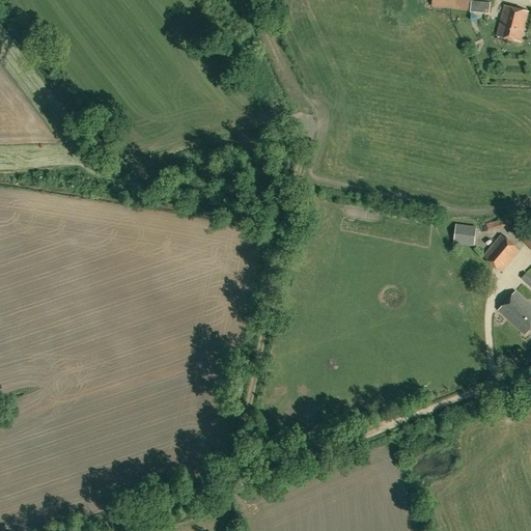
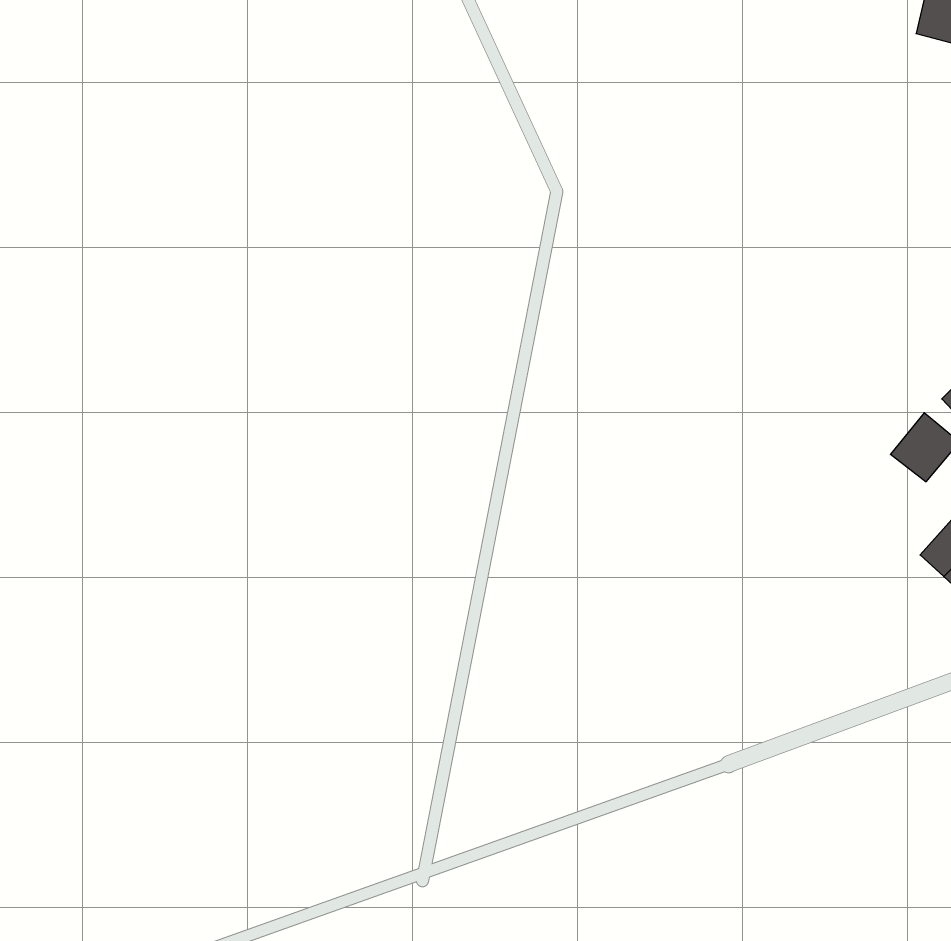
building: [454,223,475,246] -> none

